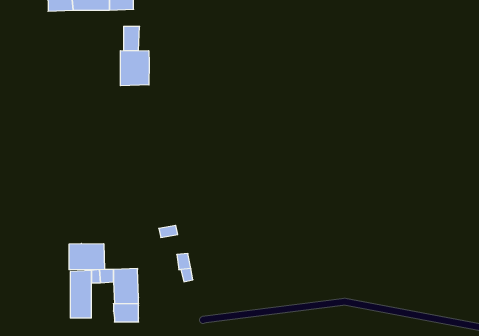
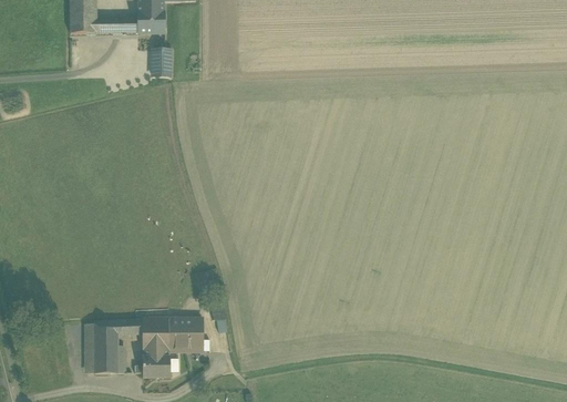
building: [120,51,149,86] -> none
building: [69,243,105,270] -> none
building: none -> [167,319,202,350]

